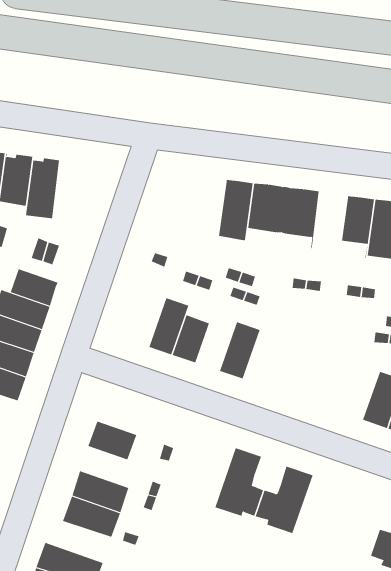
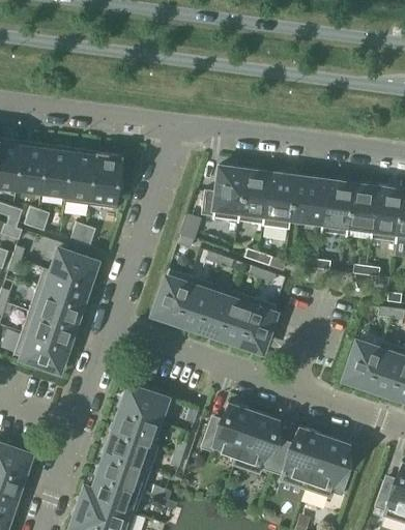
building: none -> [89,150,122,208]
building: none -> [201,166,244,223]
building: none -> [322,180,353,237]
building: none -> [153,268,191,320]
building: none -> [218,290,254,342]
building: none -> [344,341,382,385]
building: none -> [200,402,253,464]
building: none -> [113,409,158,446]
building: none -> [305,435,350,496]
building: none -> [82,476,142,513]

